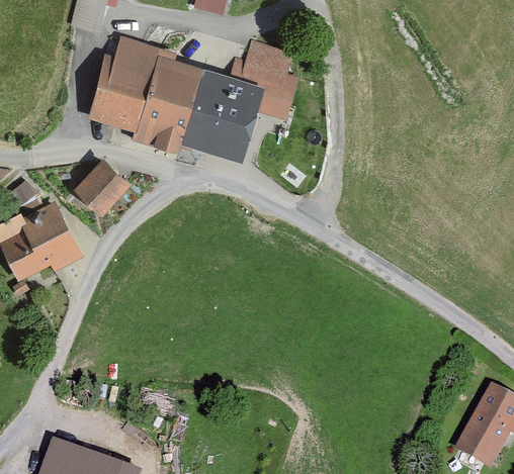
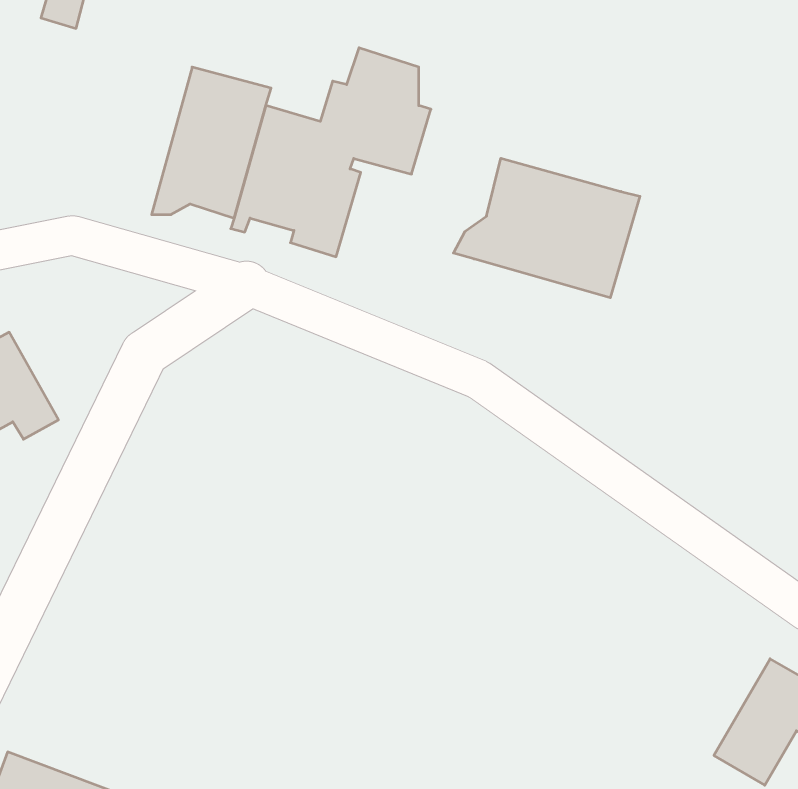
building: [90,43,157,125] -> none
building: none -> [453,158,640,298]
building: [77,163,127,213] -> none

